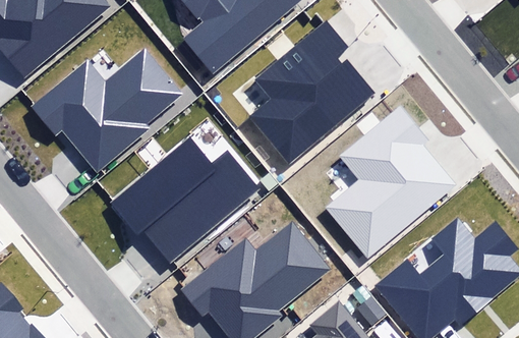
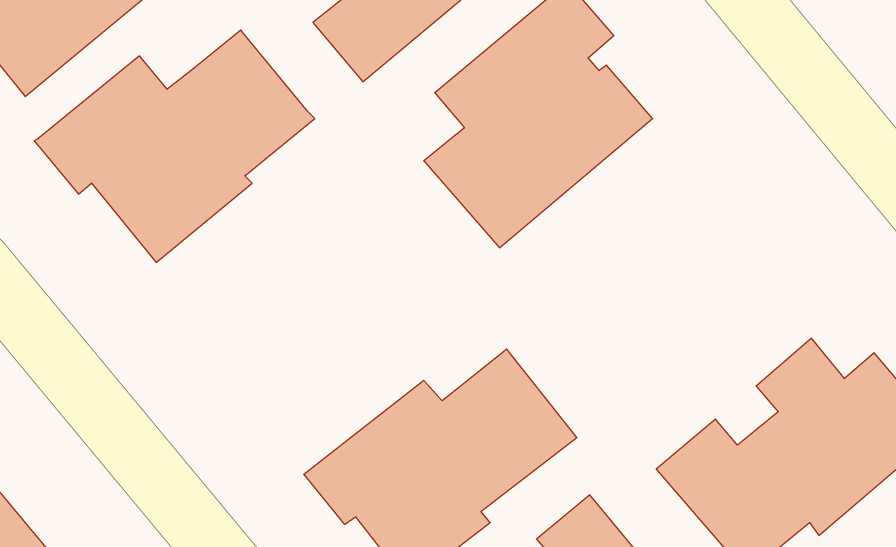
building: [324,106,455,259] -> none
building: [112,139,255,262] -> none

